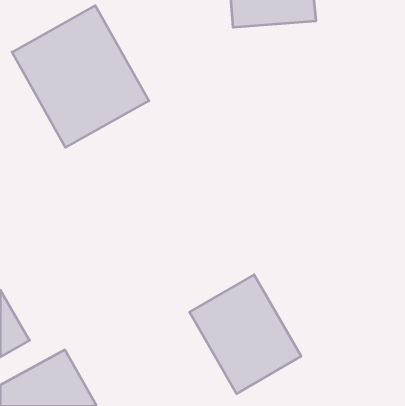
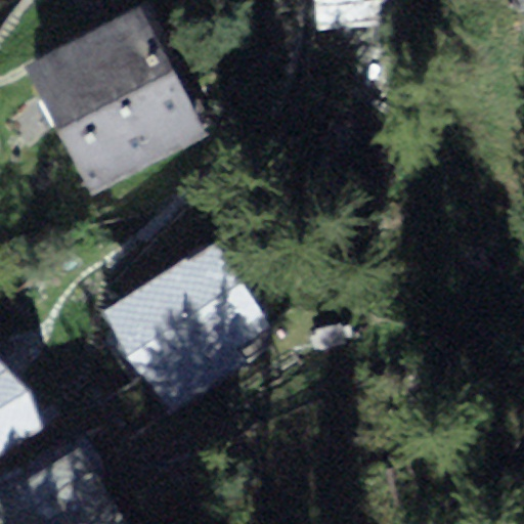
building: none -> [113,241,275,397]
building: [190,275,301,394] -> none

